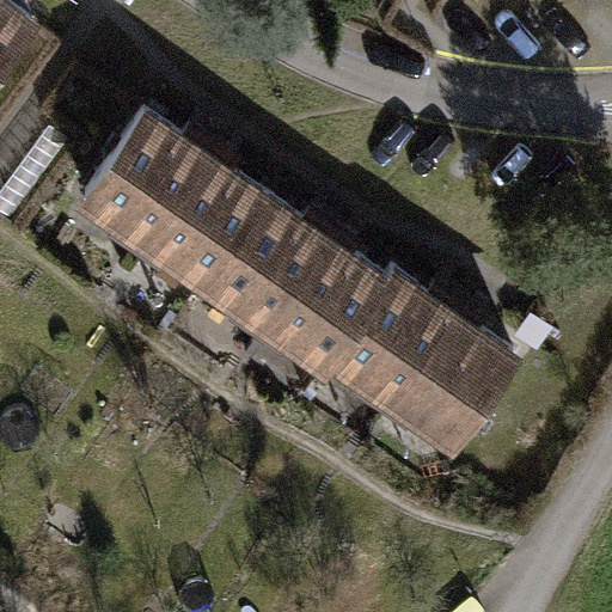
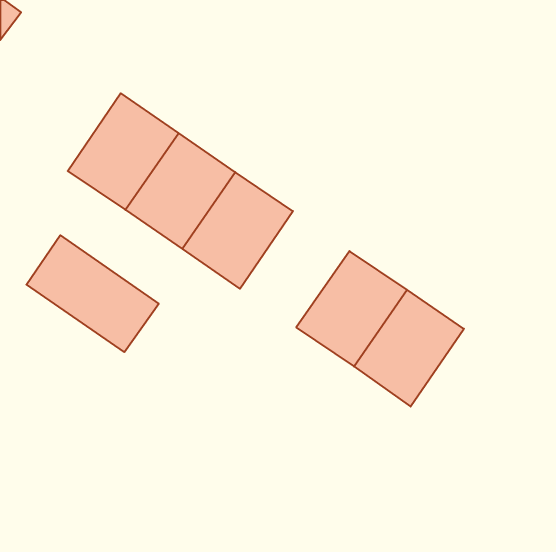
building: [270,244,388,369] -> none
building: none -> [26,235,159,352]

